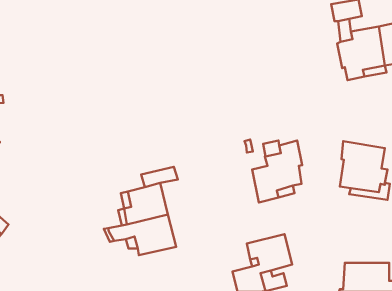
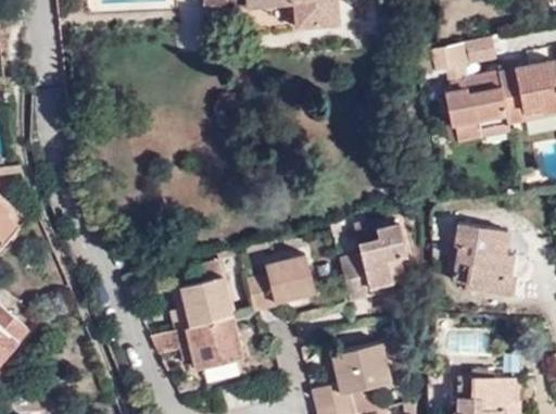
building: none -> [248,253,316,311]

